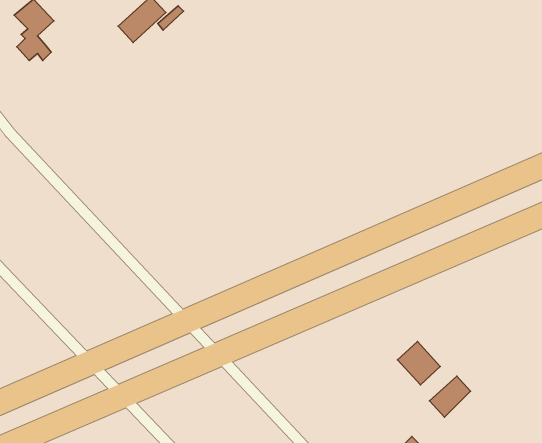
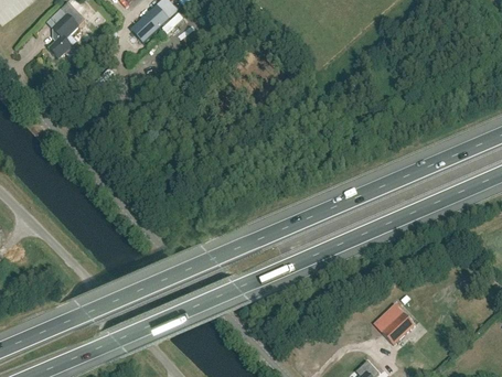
building: [398,342,440,385] -> none

